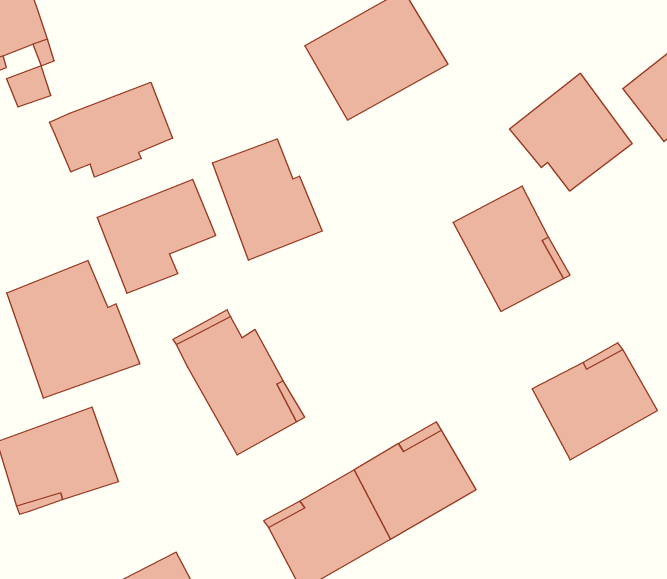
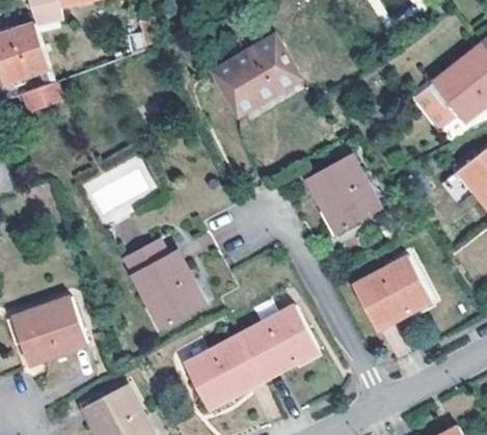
building: [510,73,632,191] -> none
building: [50,82,173,177] -> none
building: [213,139,322,260] -> none
building: [7,260,140,398] -> none

